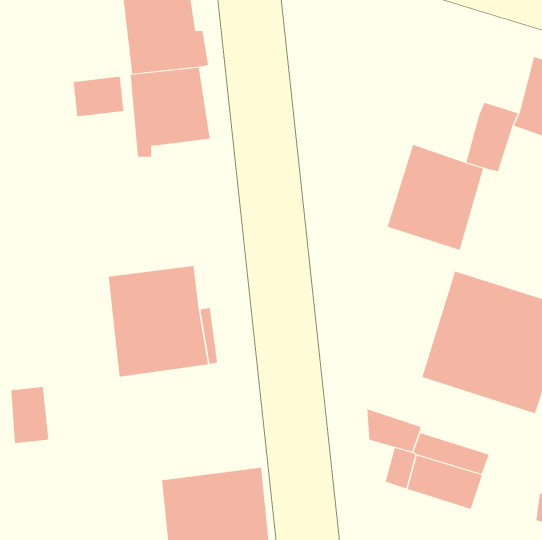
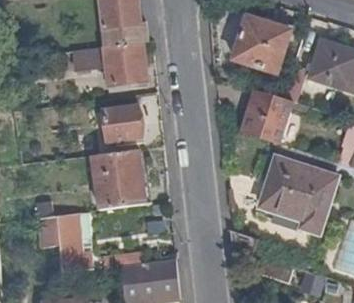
building: none -> [236,13,294,70]
building: none -> [100,108,139,143]
building: none -> [55,215,89,276]

